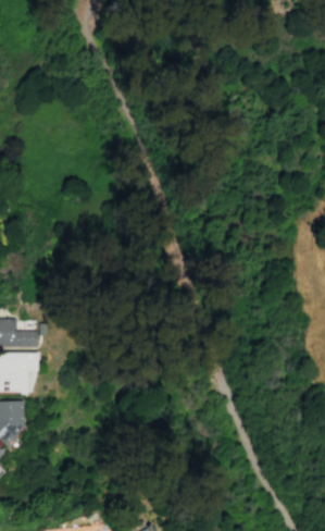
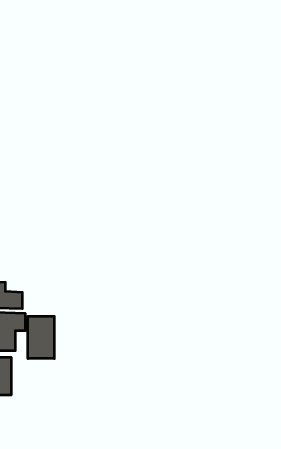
building: none -> [28,316,54,359]

